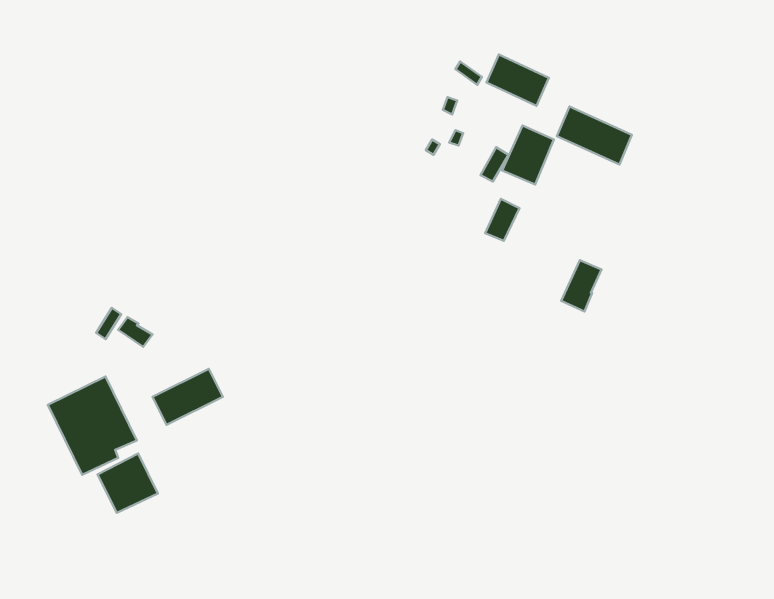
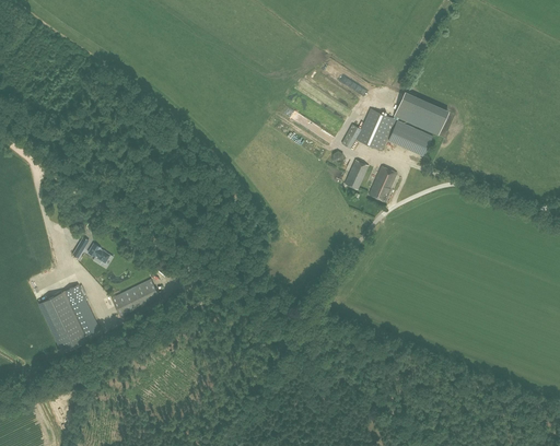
building: [486,54,549,106] -> [389,119,433,155]
building: [561,260,602,312] -> [369,165,397,201]
building: [98,453,158,513] -> none

